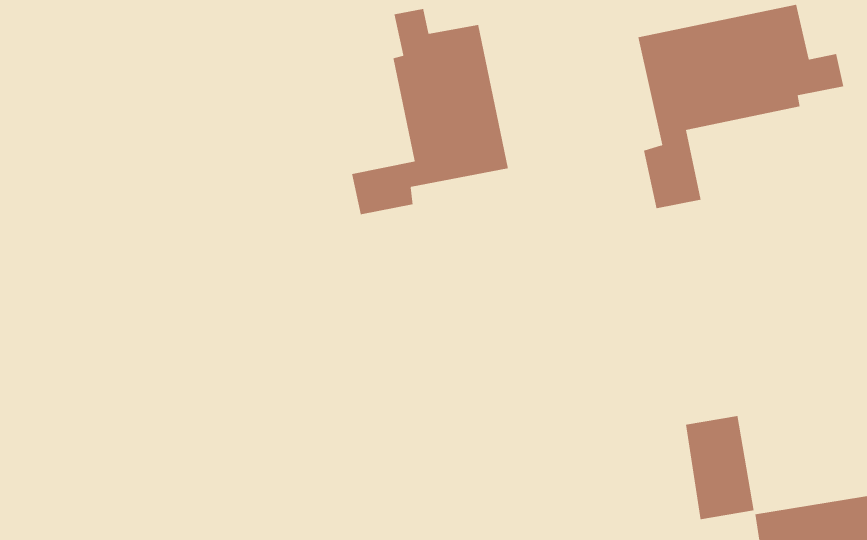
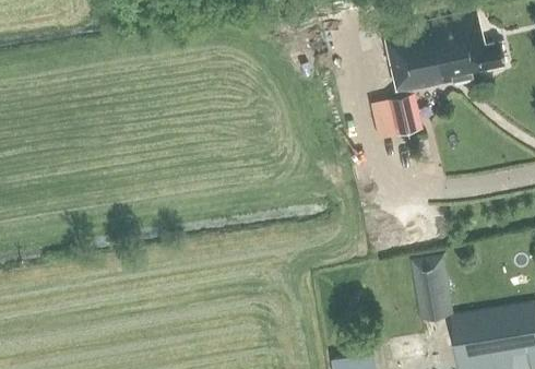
building: [352,8,509,215] -> none

